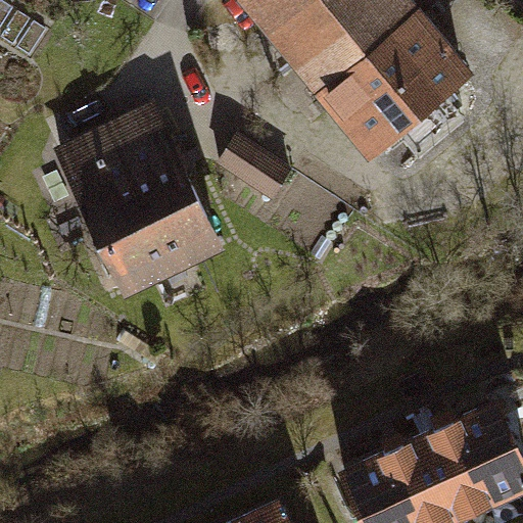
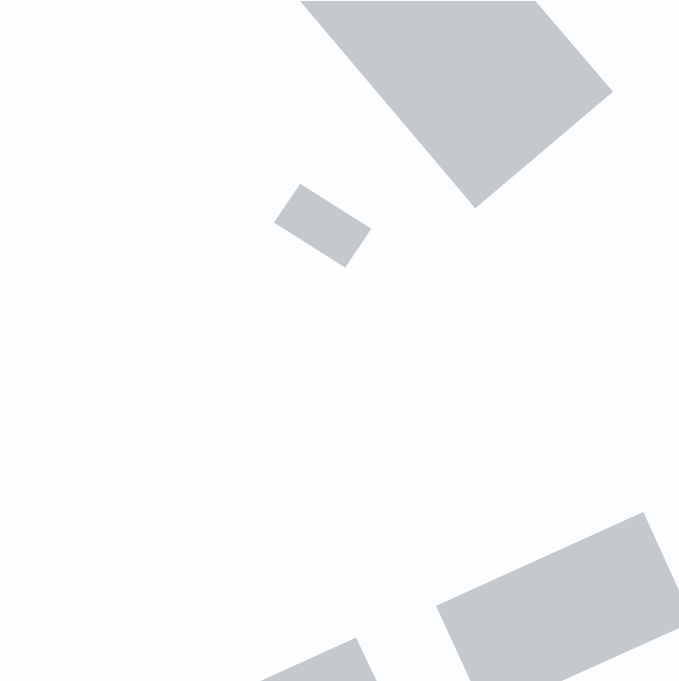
building: [62,101,230,290] -> none

